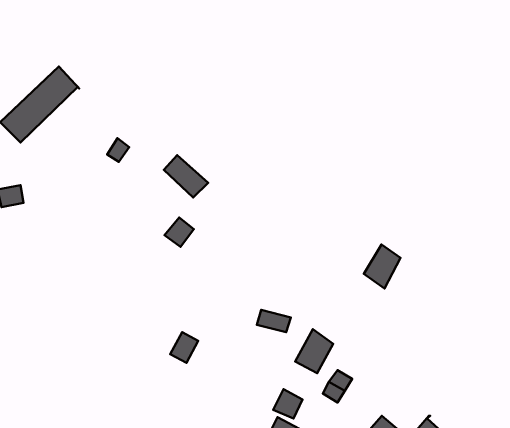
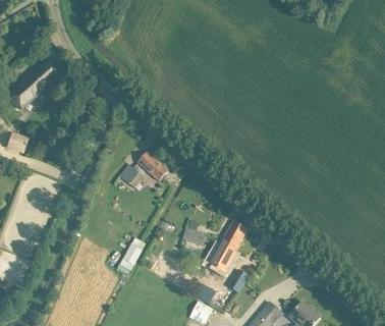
building: [164,155,208,198] -> [139,152,169,181]
building: [364,245,401,289] -> [222,221,248,252]

